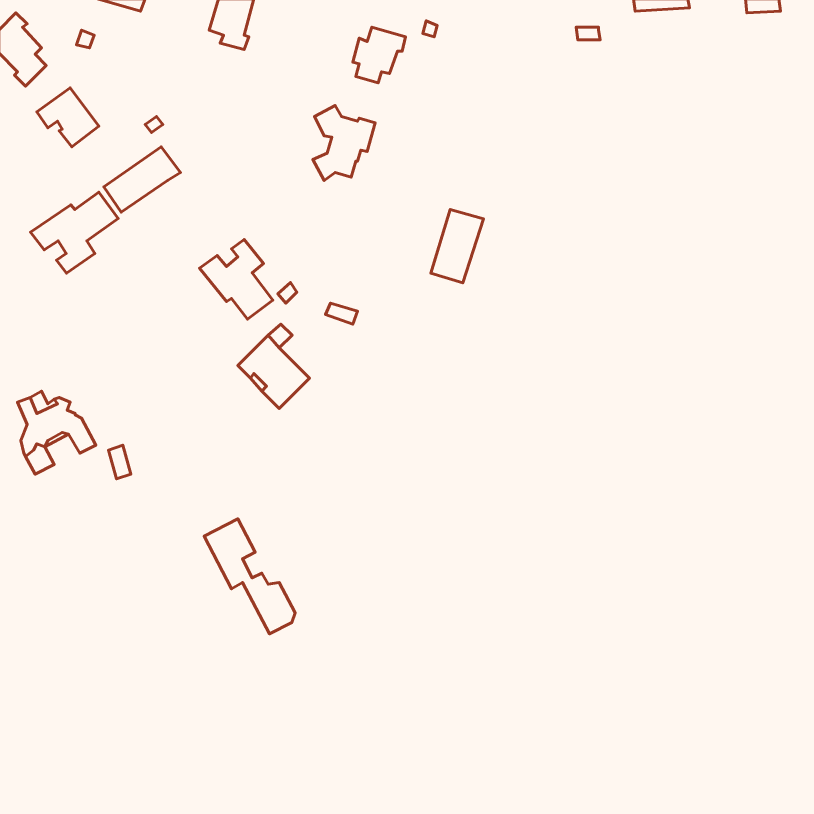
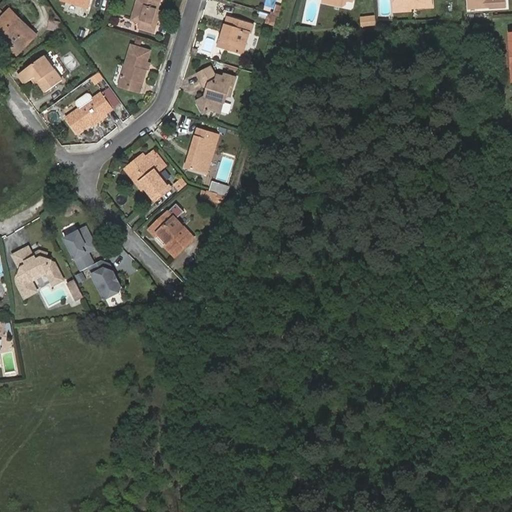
building: none -> [119,44,150,91]
building: [31,192,118,273] -> none
building: [431,209,484,283] -> [186,127,219,173]
building: [204,519,295,634] -> [64,227,121,299]

